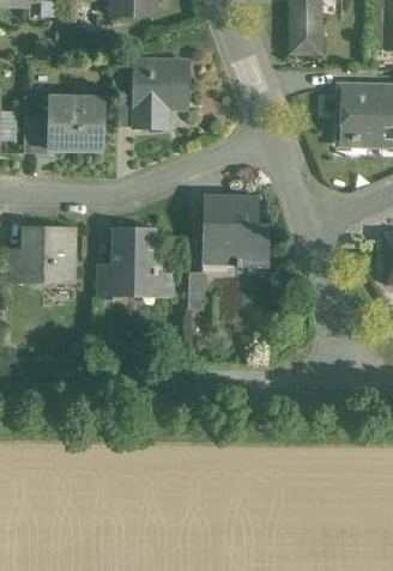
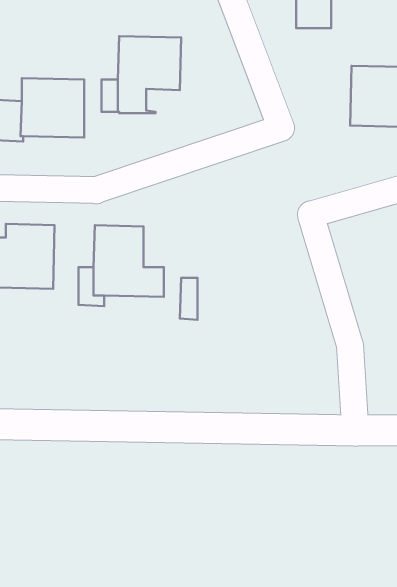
building: [202,196,267,267] -> none

